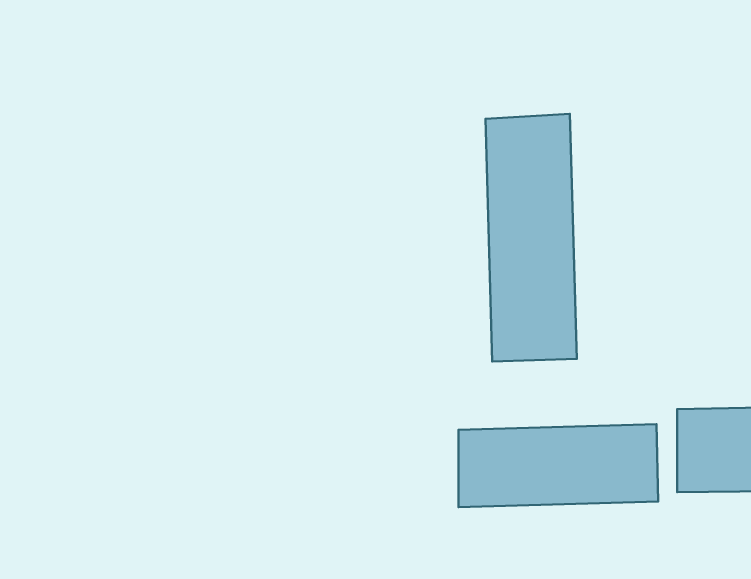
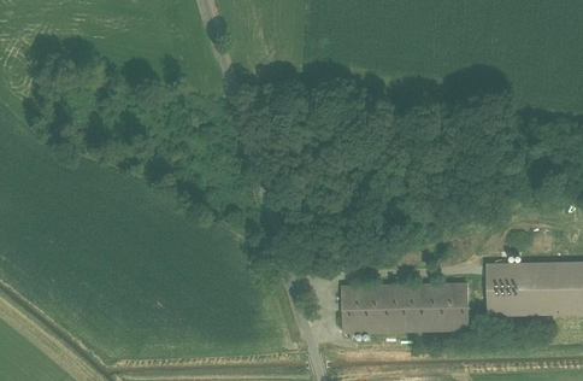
building: [485,114,577,362] -> none

